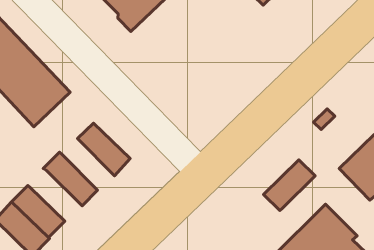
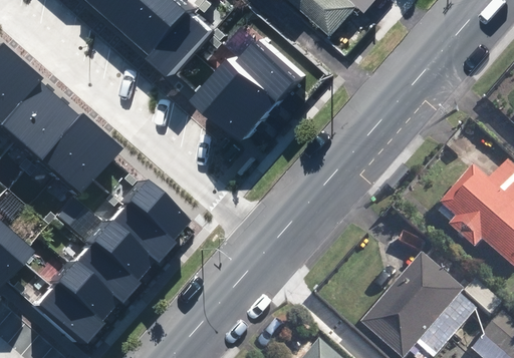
building: none -> [196,35,300,134]
building: none -> [102,202,171,264]
building: [264,160,315,210] -> none
building: none -> [67,243,135,305]

